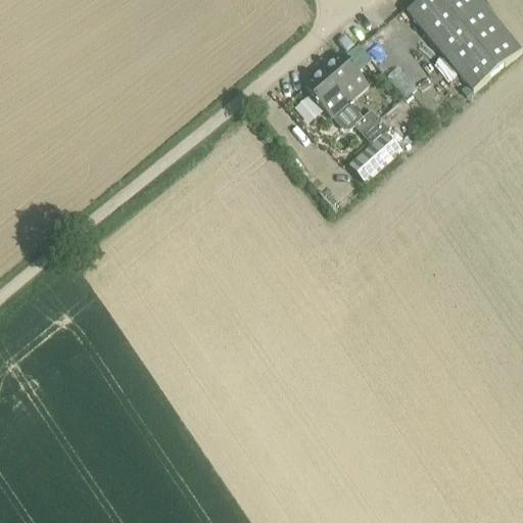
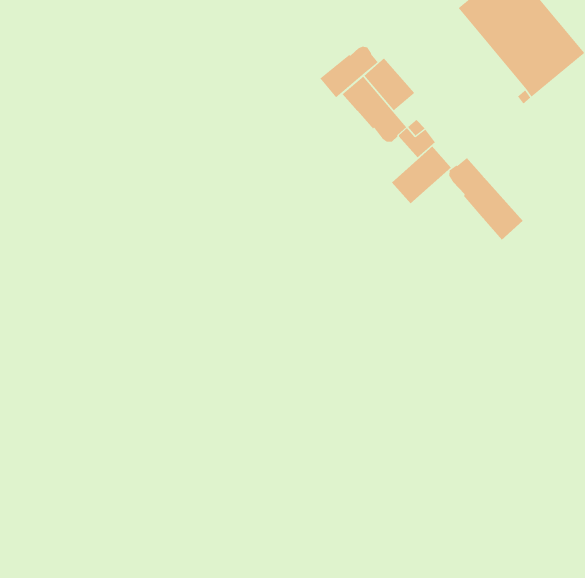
building: none -> [320,46,379,98]
building: none -> [449,157,524,240]

